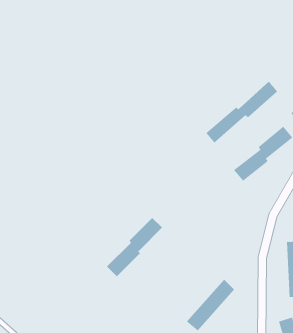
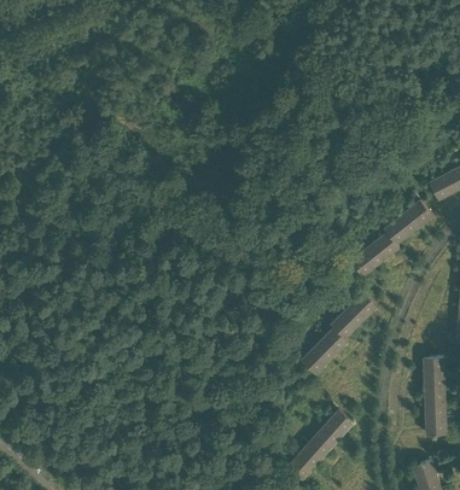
building: [205,81,278,144] -> none
building: [106,217,163,277] -> [299,292,377,374]

